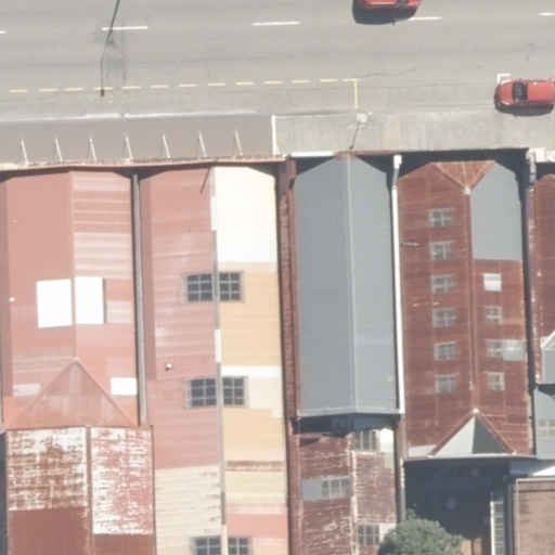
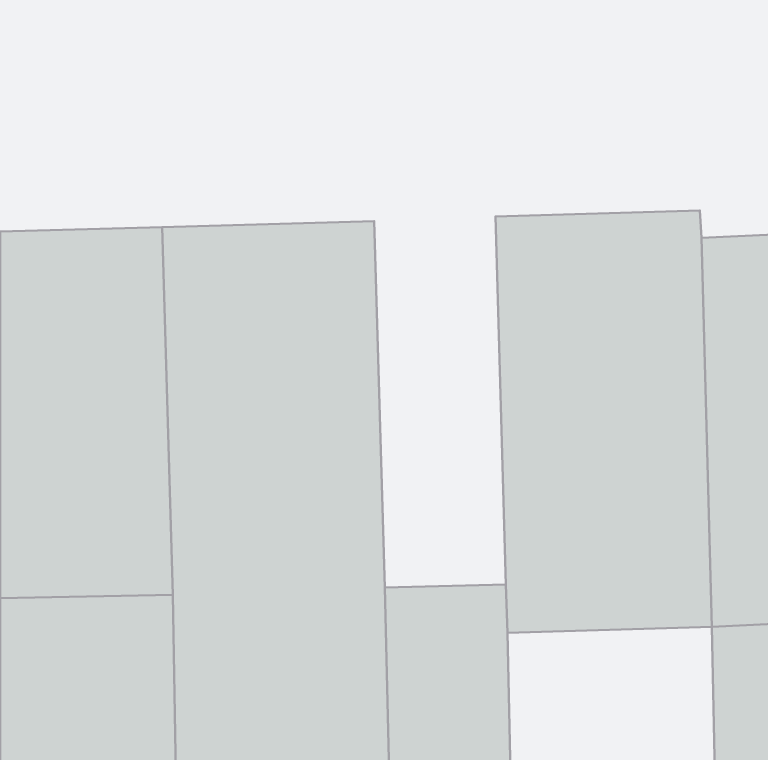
building: [272,165,366,430] -> none

